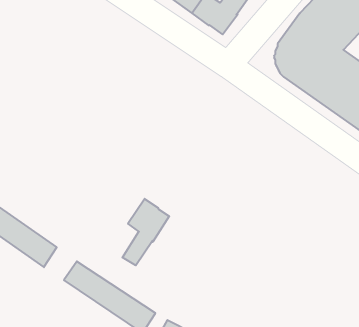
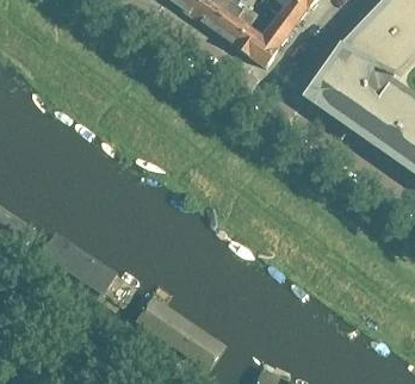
building: [122,199,169,265] -> none

